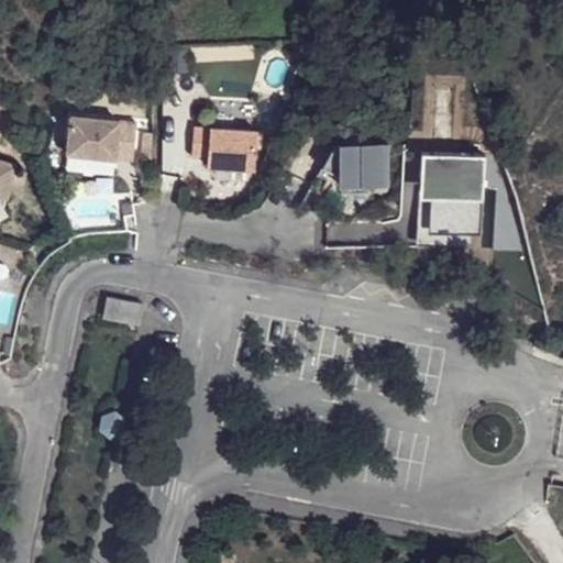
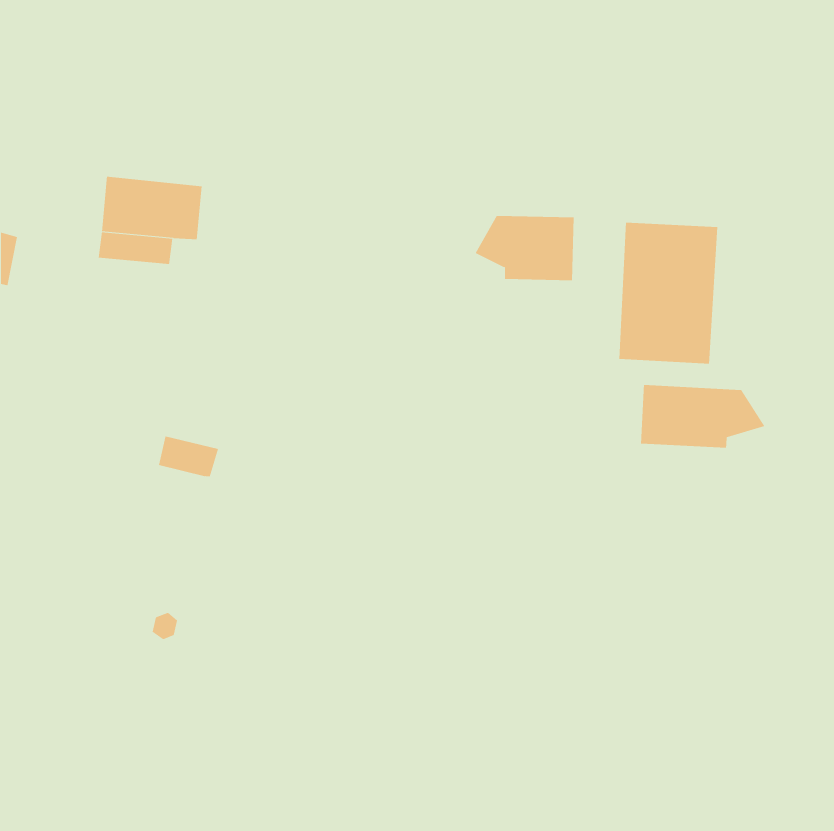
building: [194,129,258,173] -> none
building: none -> [641,384,765,449]

